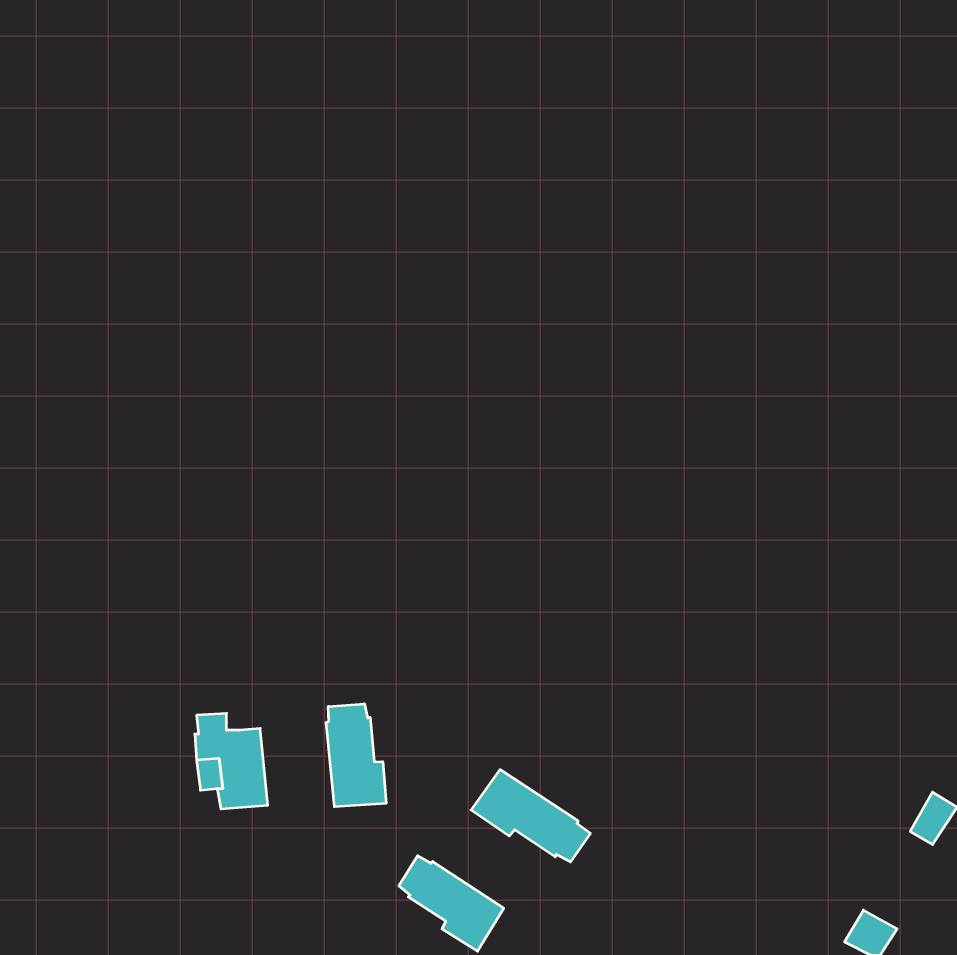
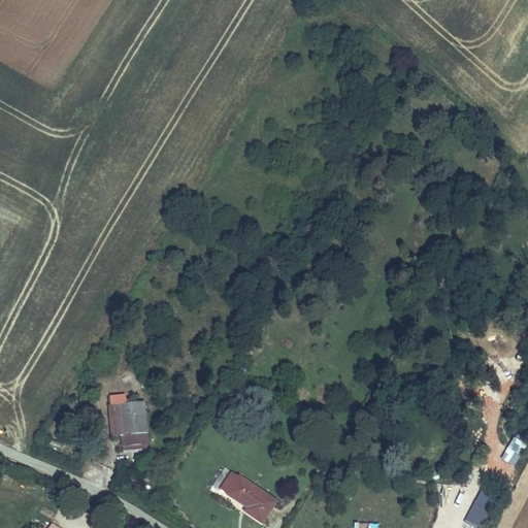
building: [326,704,386,807] -> none
building: [471,770,590,862] -> none

